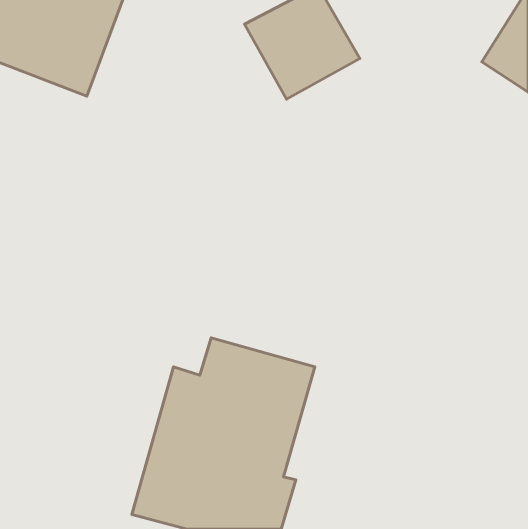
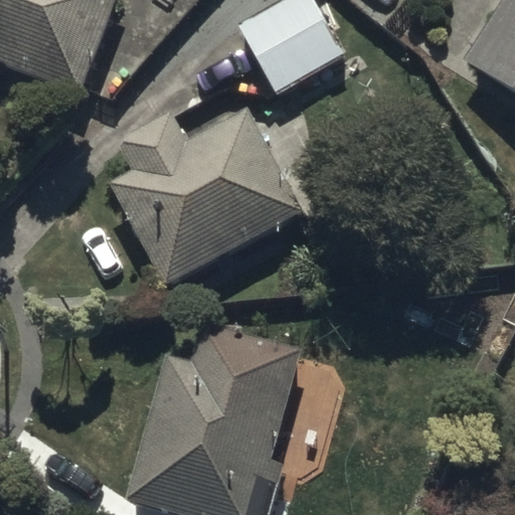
building: none -> [111,108,300,285]

